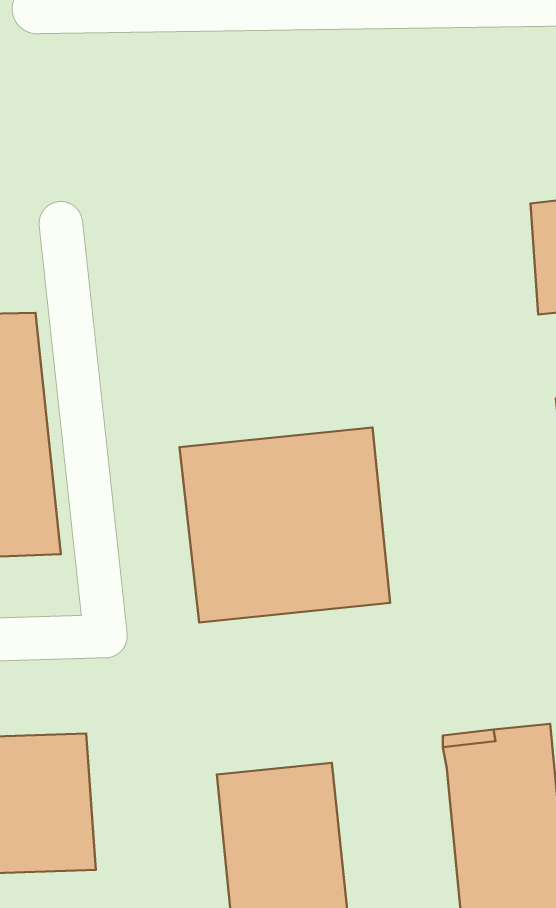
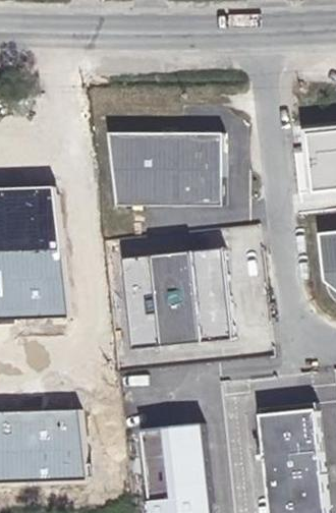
building: none -> [108,133,222,208]

